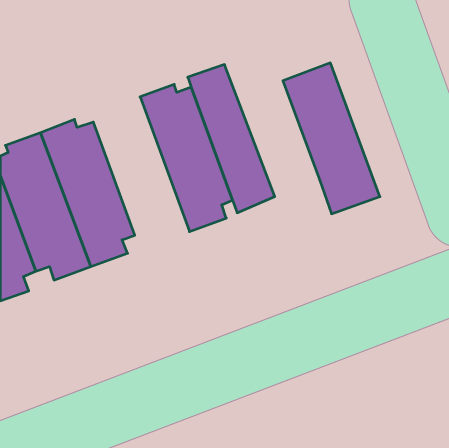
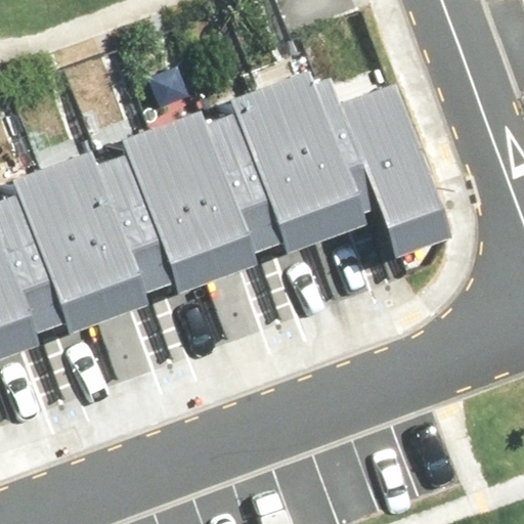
building: none -> [267,73,376,236]
building: none -> [118,123,227,291]

